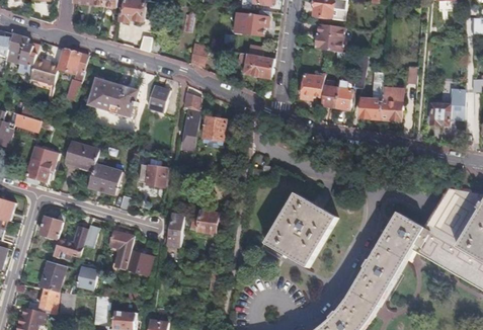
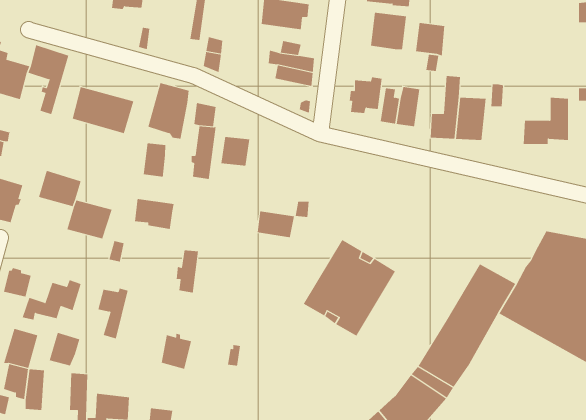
building: none -> [416,22,445,56]
building: none -> [143,142,166,177]
building: [189,214,218,234] -> [257,211,295,238]
building: [129,247,152,274] -> [161,333,192,369]

